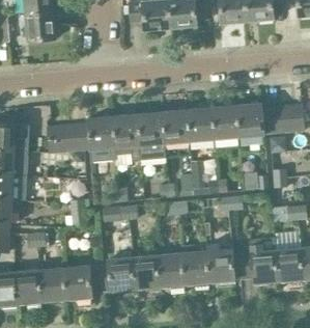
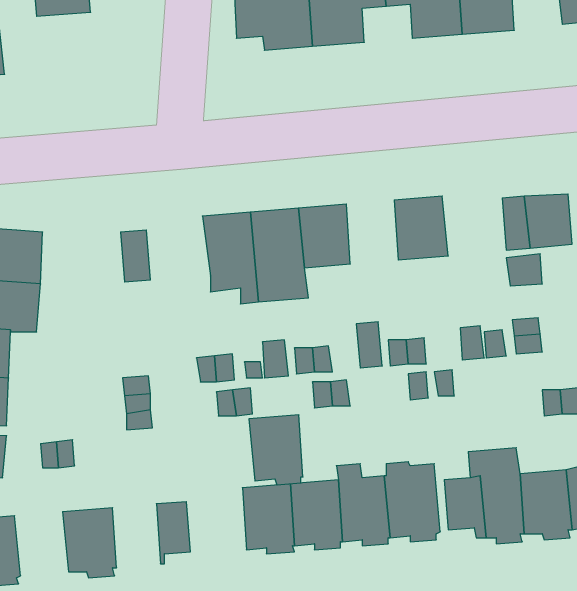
building: [25,10,55,39] -> none
building: [235,104,263,137] -> none
building: [186,108,213,141] -> none
building: [86,116,115,149] -> none
building: [46,125,71,153] -> none
building: [106,257,134,294] -> [249,415,303,485]
building: [64,266,90,302] -> none
building: [13,270,41,306] -> none

